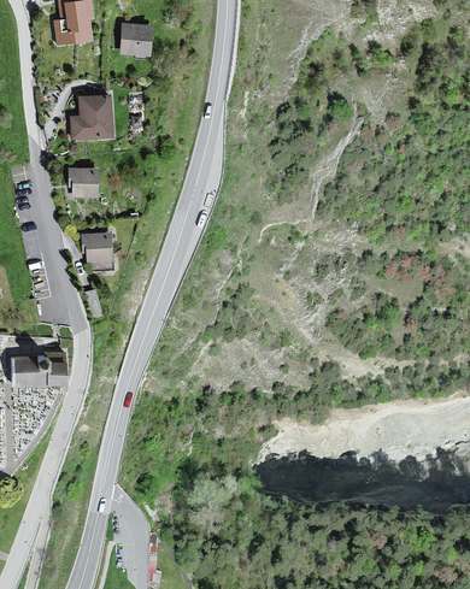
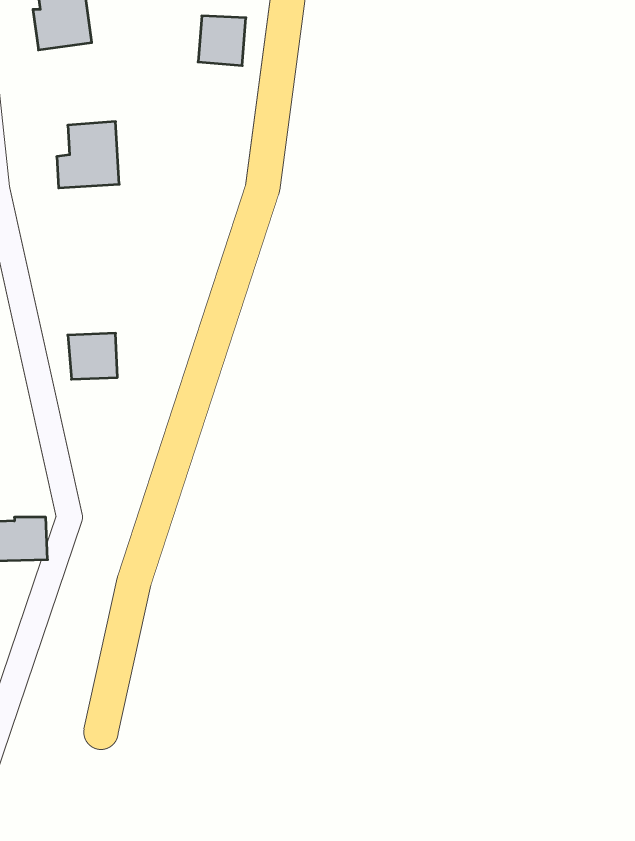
building: [121,25,152,58] -> [198,16,246,66]
building: [67,169,98,199] -> none

